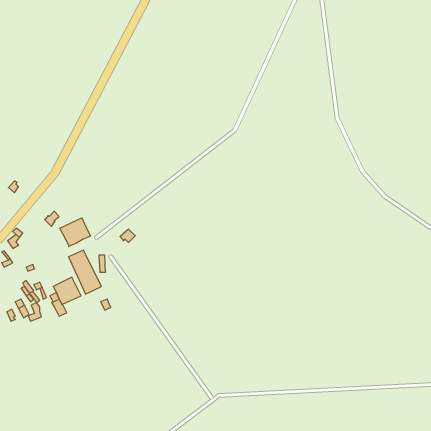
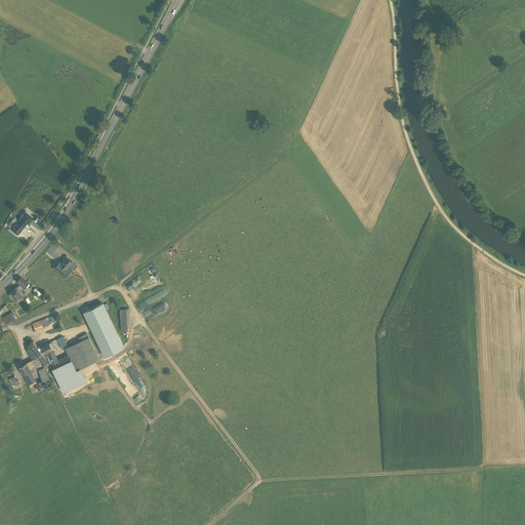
building: [60,218,90,247] -> none

